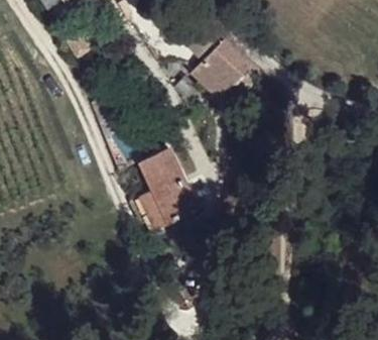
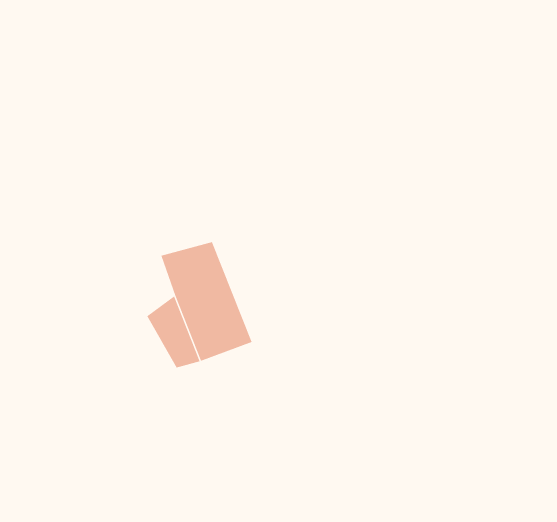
building: [202,38,256,91] -> none

